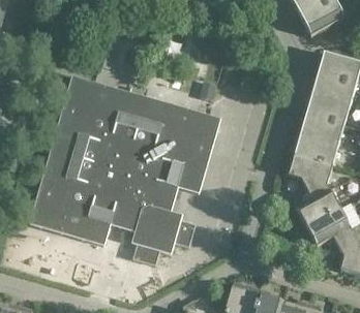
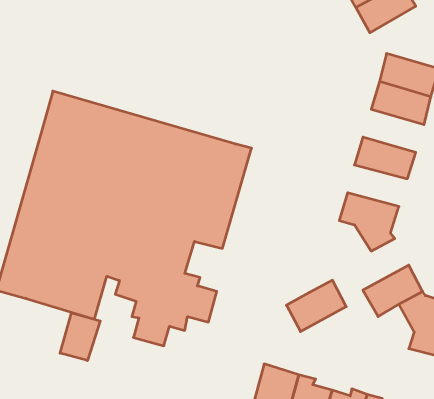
building: [305,91,351,123] -> none
building: [294,132,338,163] -> none
building: [295,187,339,225] -> [286,280,346,332]
building: none -> [60,313,100,361]

